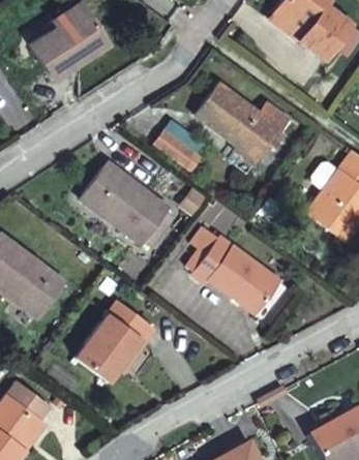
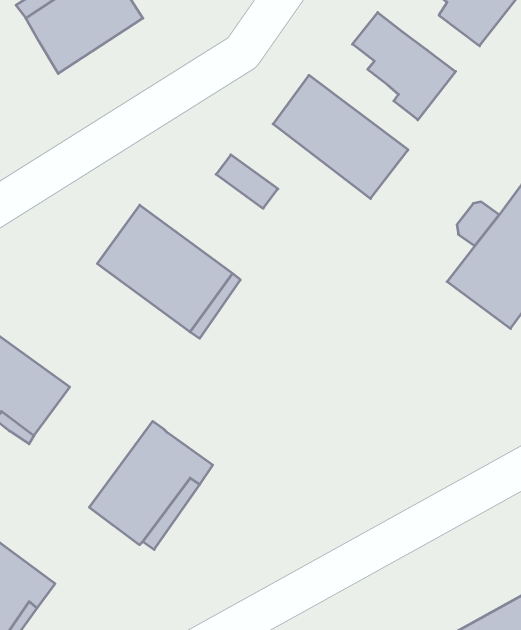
building: none -> [352,12,456,120]
building: [190,235,278,310] -> none

